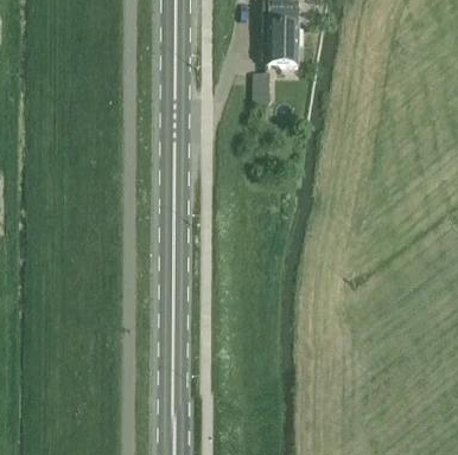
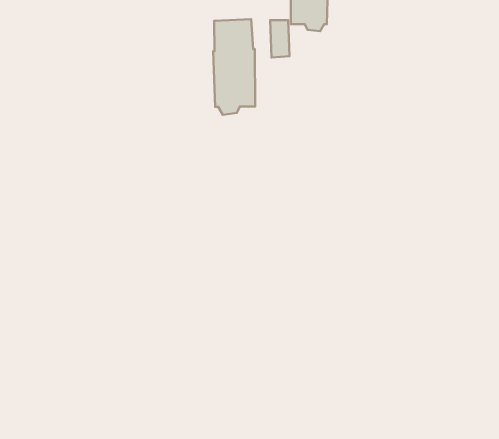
building: none -> [213,19,255,115]

